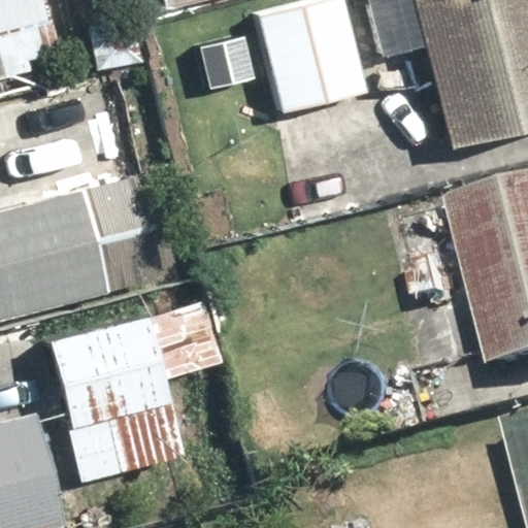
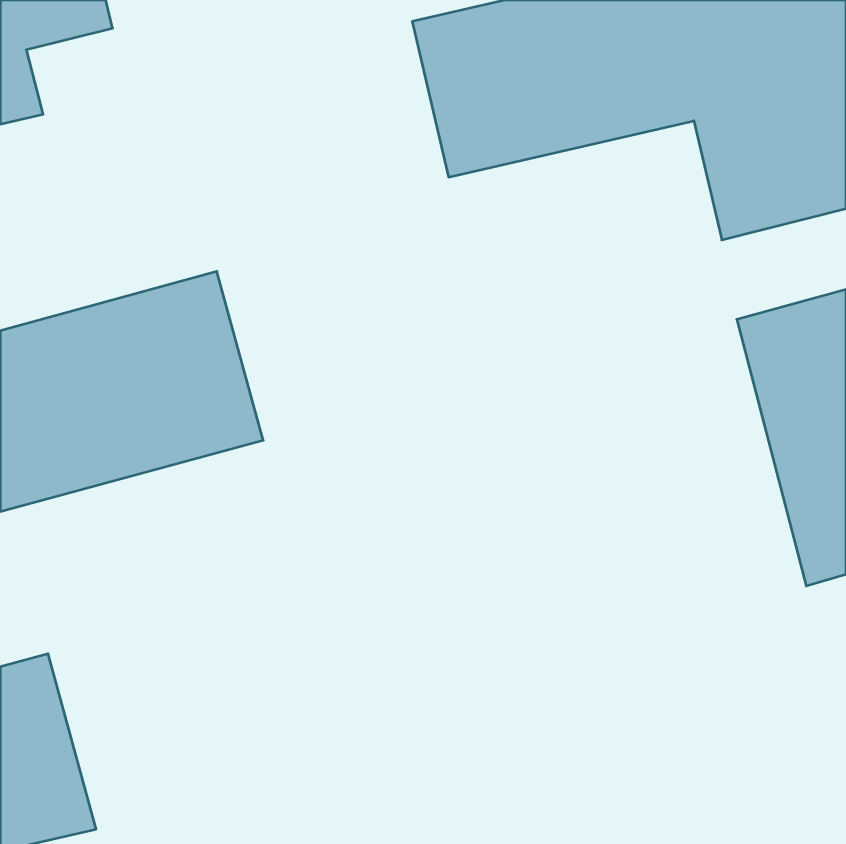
building: [46,303,219,482] -> none

